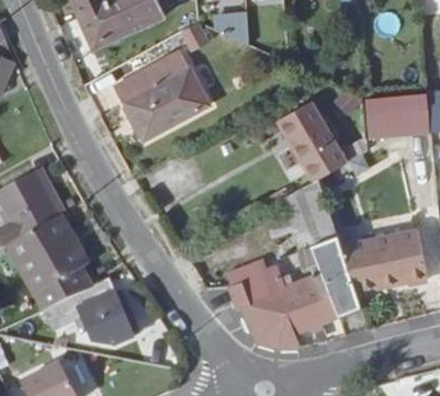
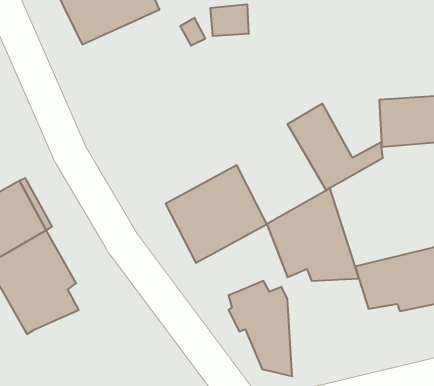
building: [116,49,208,138] -> [166,165,267,263]
building: [281,259,361,348] -> none
building: [44,278,136,343] -> none

